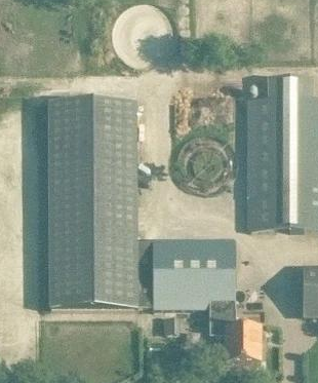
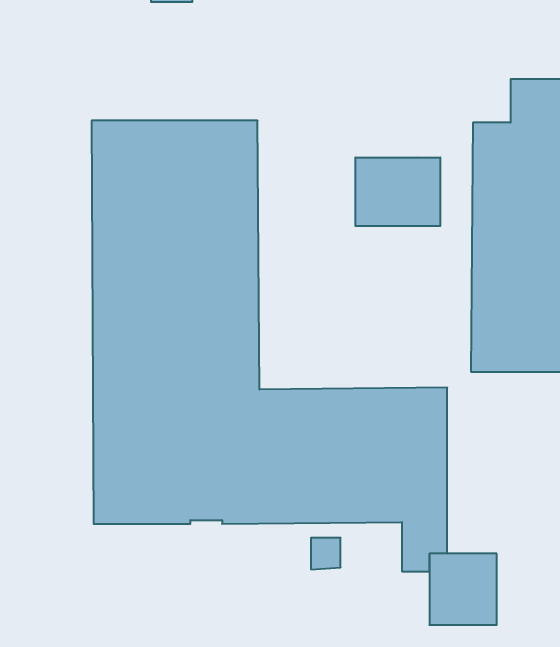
building: none -> [355,157,440,226]

